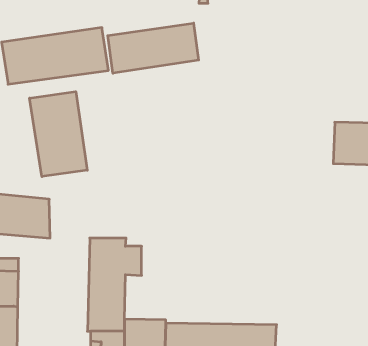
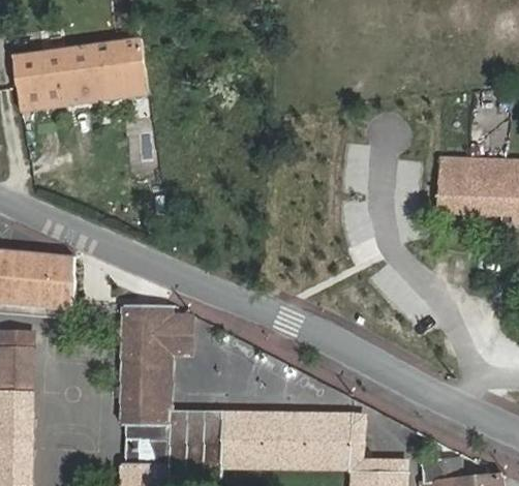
building: [108,23,199,73] -> none
building: [30,92,87,177] -> none

